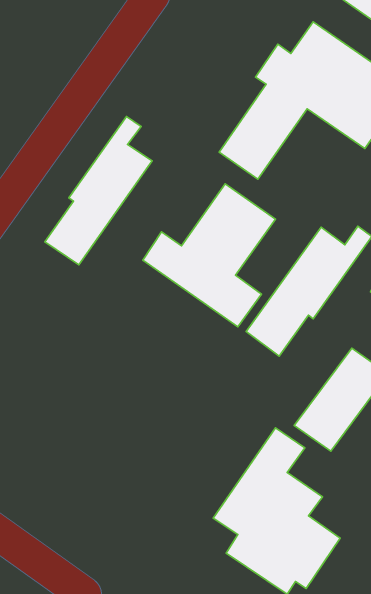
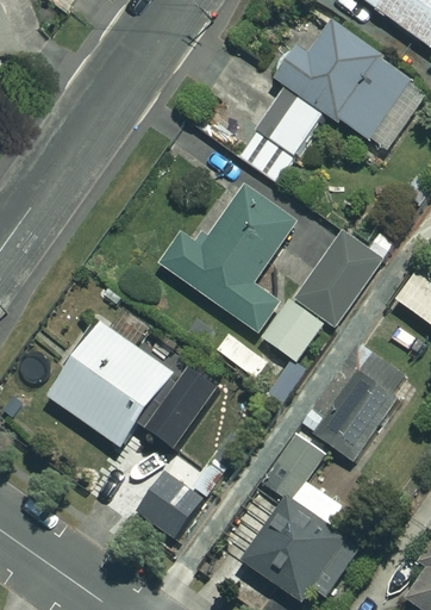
building: [45,117,152,265] -> none
building: none -> [51,320,199,465]
building: none -> [137,463,221,539]

